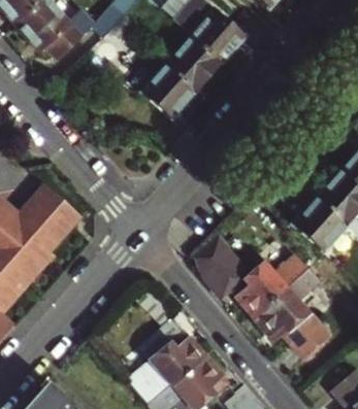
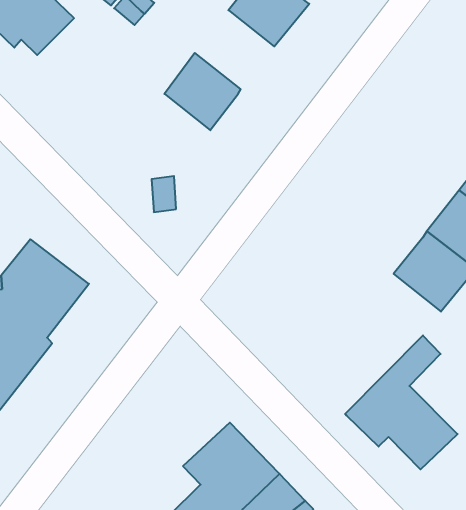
building: [166,36,221,91] -> none
building: [196,237,311,317] -> none

